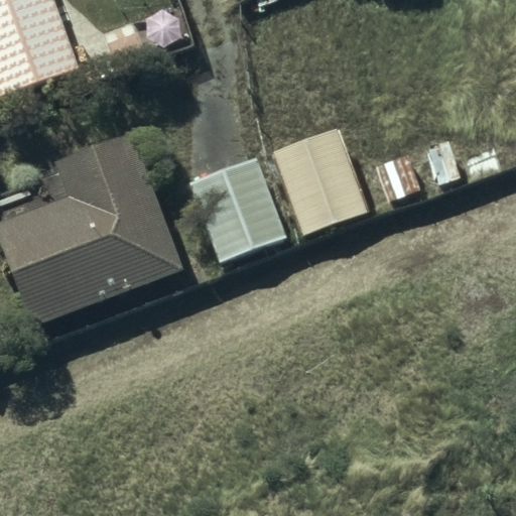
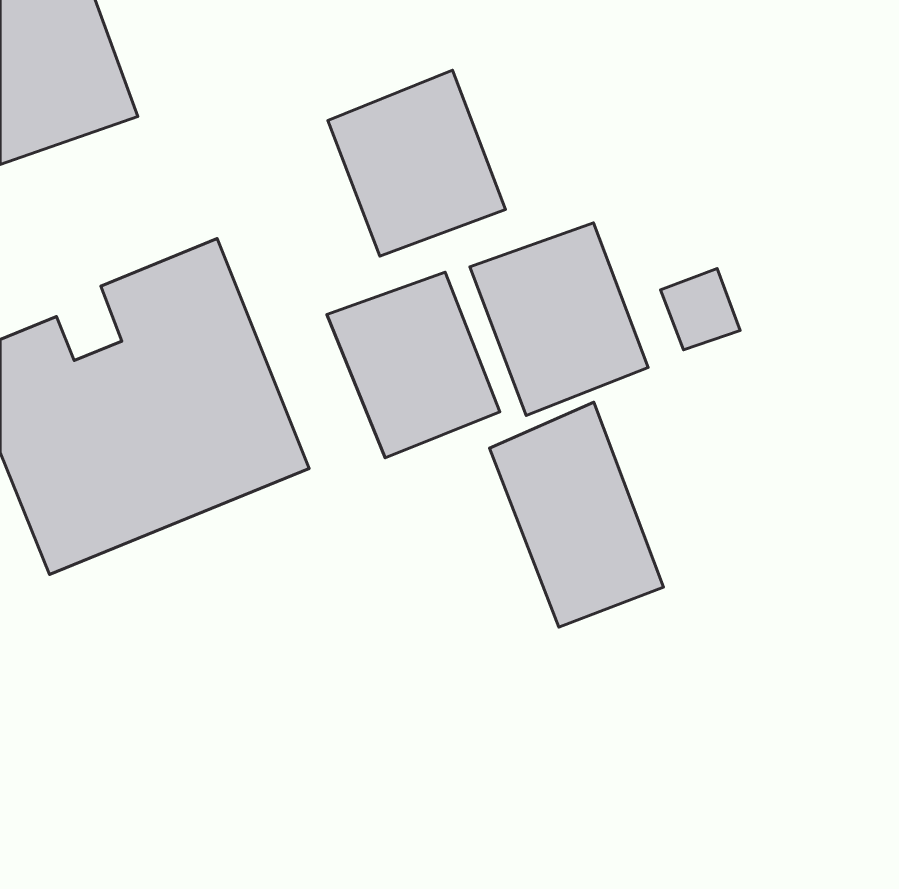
building: none -> [328,70,505,256]
building: none -> [490,402,663,627]

